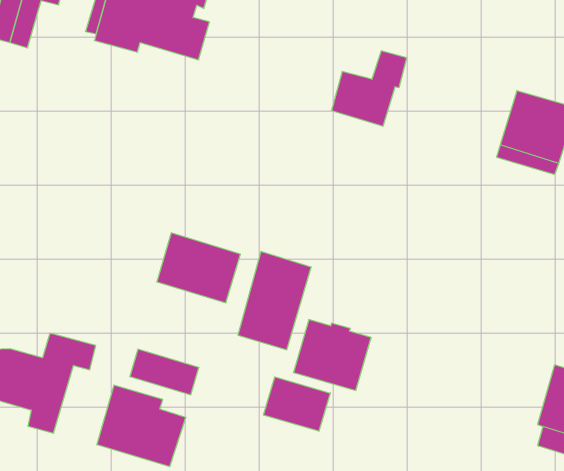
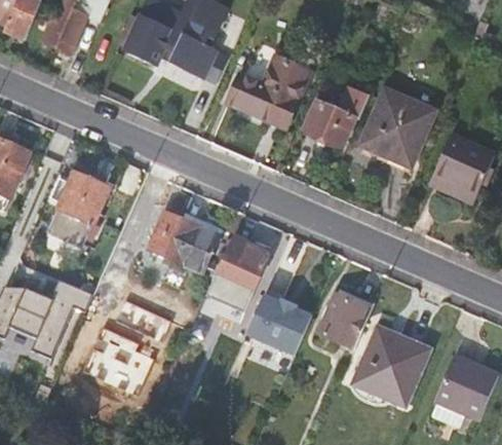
building: none -> [228,52,311,127]
building: none -> [362,90,432,163]
building: none -> [40,170,110,258]
building: none -> [317,294,370,348]
building: none -> [352,325,430,405]
building: [263,377,330,431] -> none

